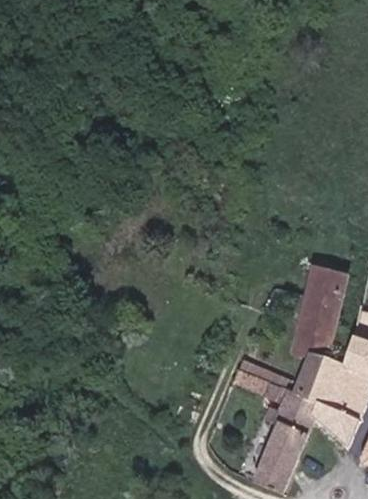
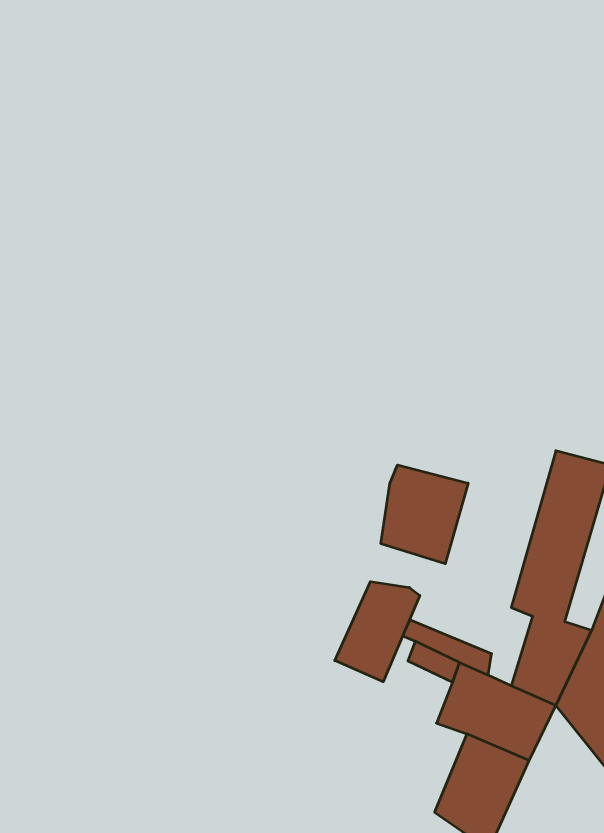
building: none -> [381,465,468,564]
building: none -> [335,582,420,682]

